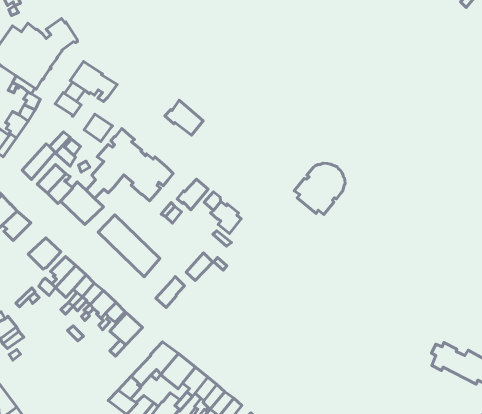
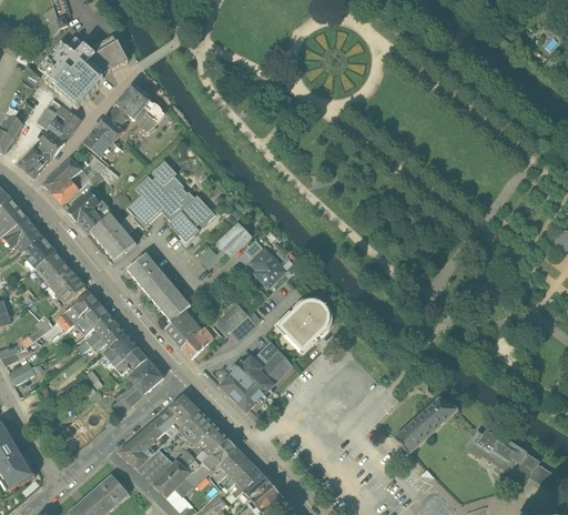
building: [165,100,203,135] -> none
building: [84,114,113,142] -> [82,127,113,156]
building: none -> [42,158,81,194]
building: [294,163,345,215] -> [276,296,332,352]
building: none -> [34,252,70,285]
building: none -> [165,311,200,347]
building: none -> [219,341,292,412]
building: none -> [393,397,457,454]

